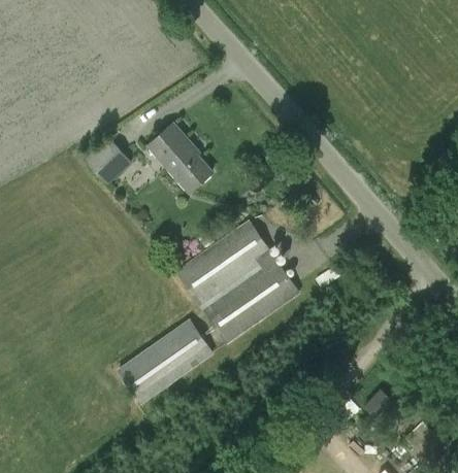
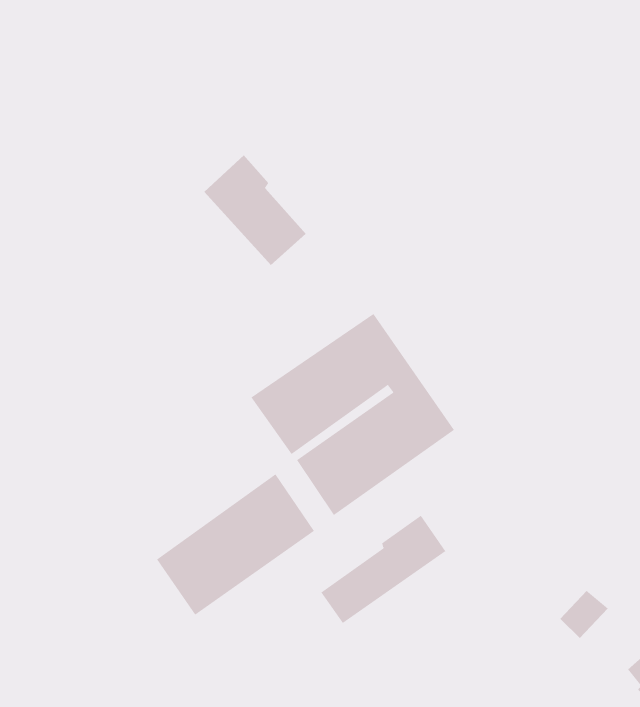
building: [83,136,132,185] -> none
building: none -> [320,515,446,624]

